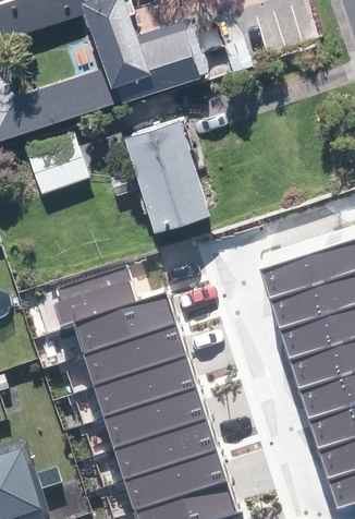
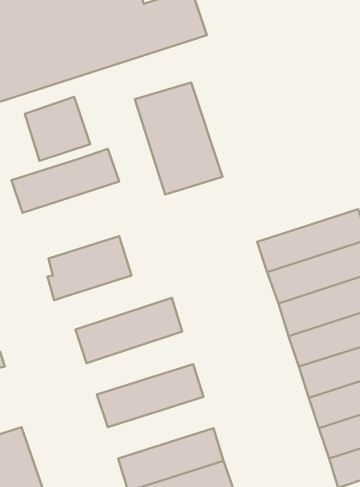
building: [68,295,172,358] -> [11,149,119,213]
building: [89,360,193,421] -> none
building: [110,423,212,483] -> none

